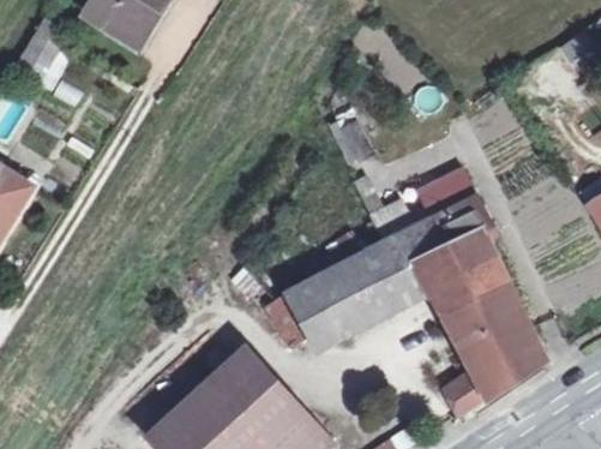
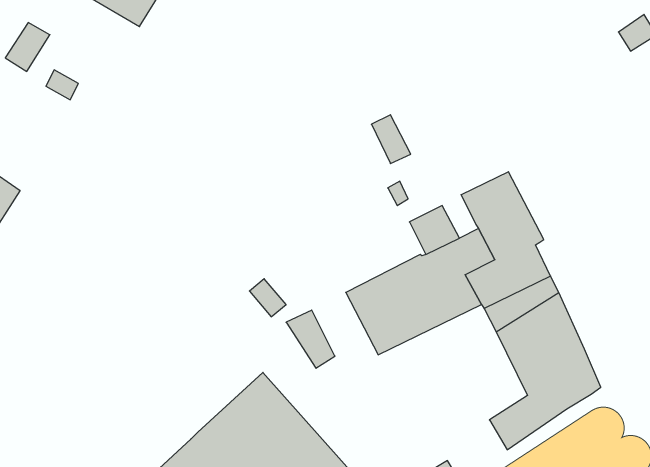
building: [287,275,345,346] -> none

